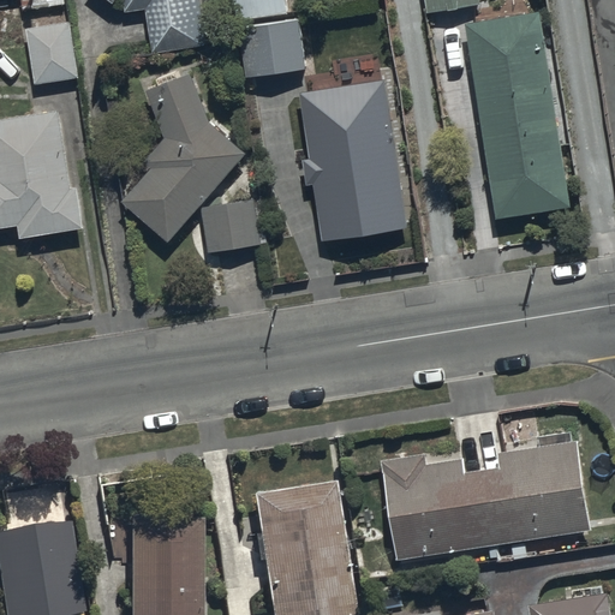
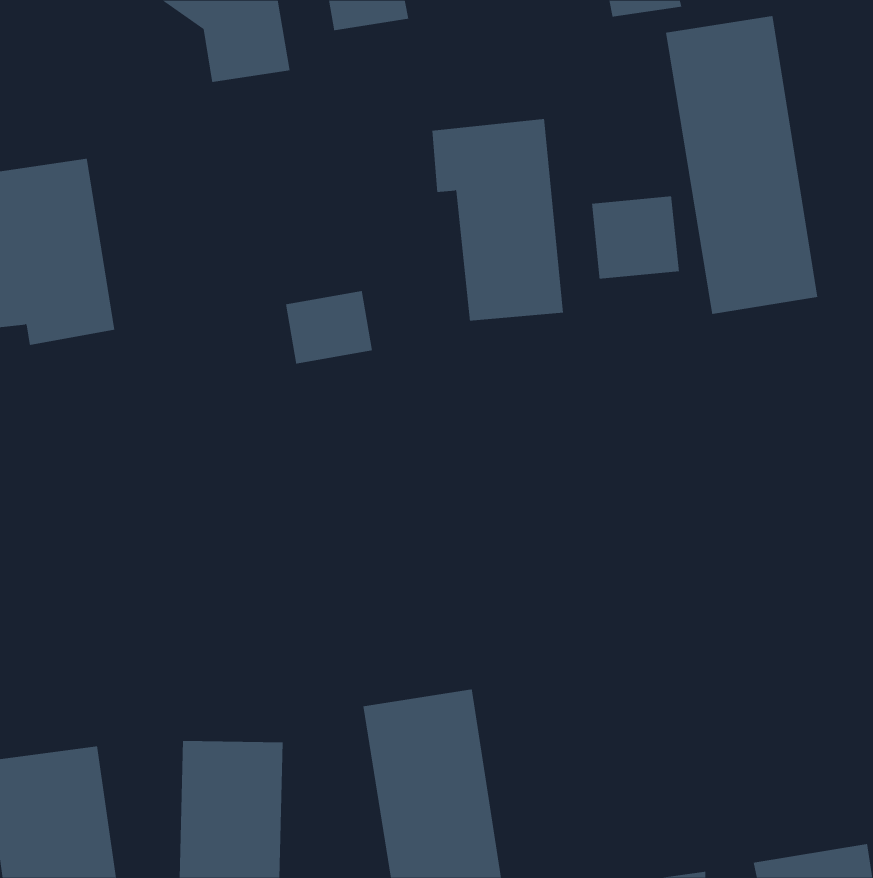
building: [239,19,308,80] -> none
building: [28,22,74,85] -> none
building: [121,74,244,243] -> none
building: none -> [591,195,679,280]
building: [380,441,593,562] -> none

